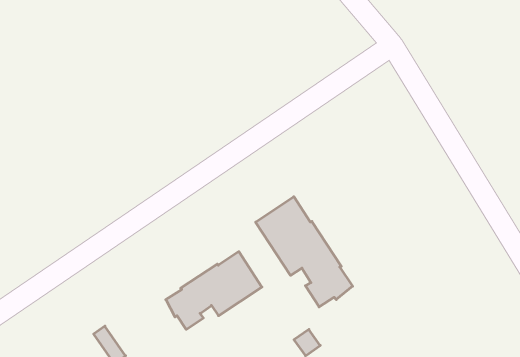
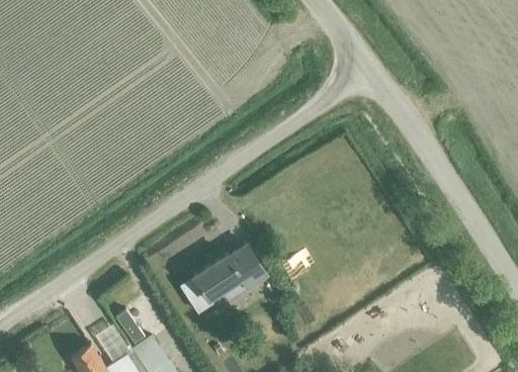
building: [256,197,353,307] -> none

